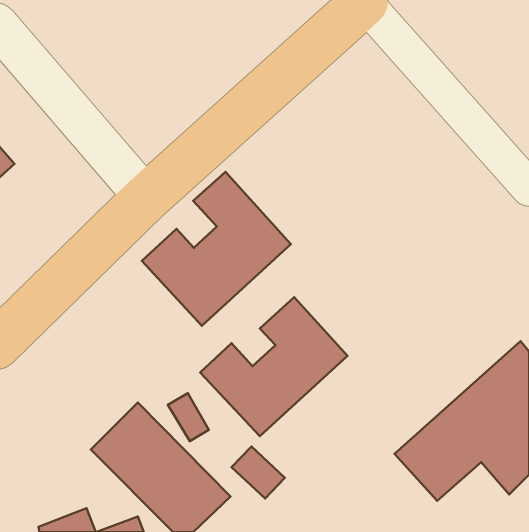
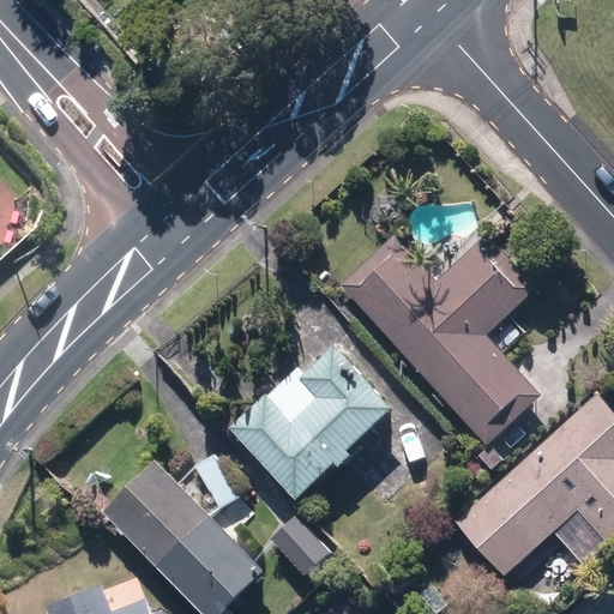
building: [142,172,291,326] -> none
building: none -> [339,235,540,445]

